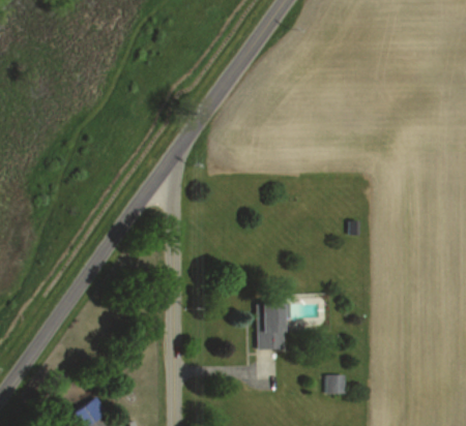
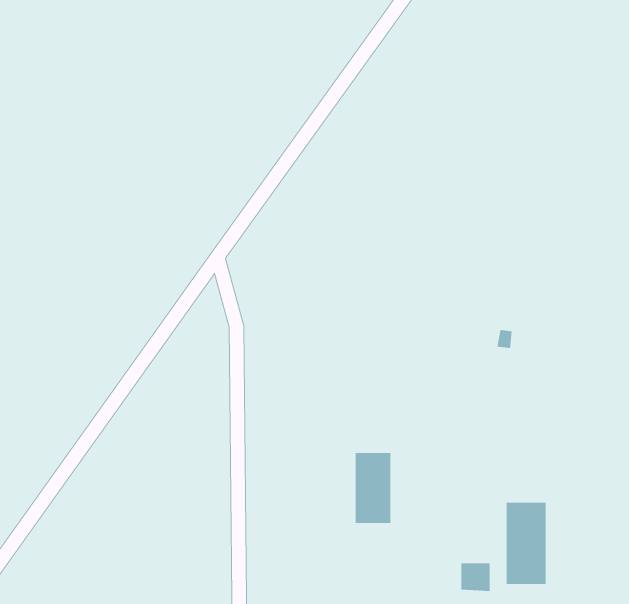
building: none -> [506,502,546,585]

